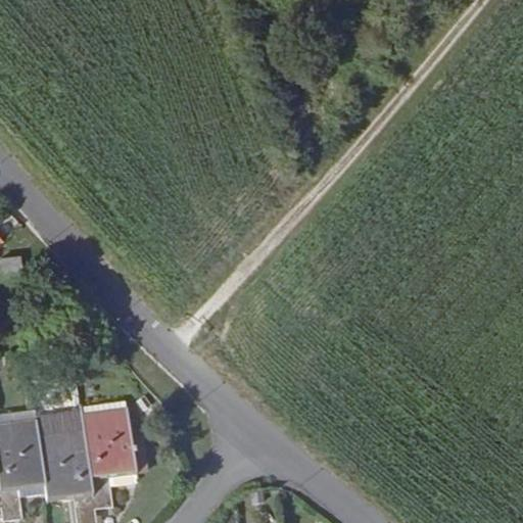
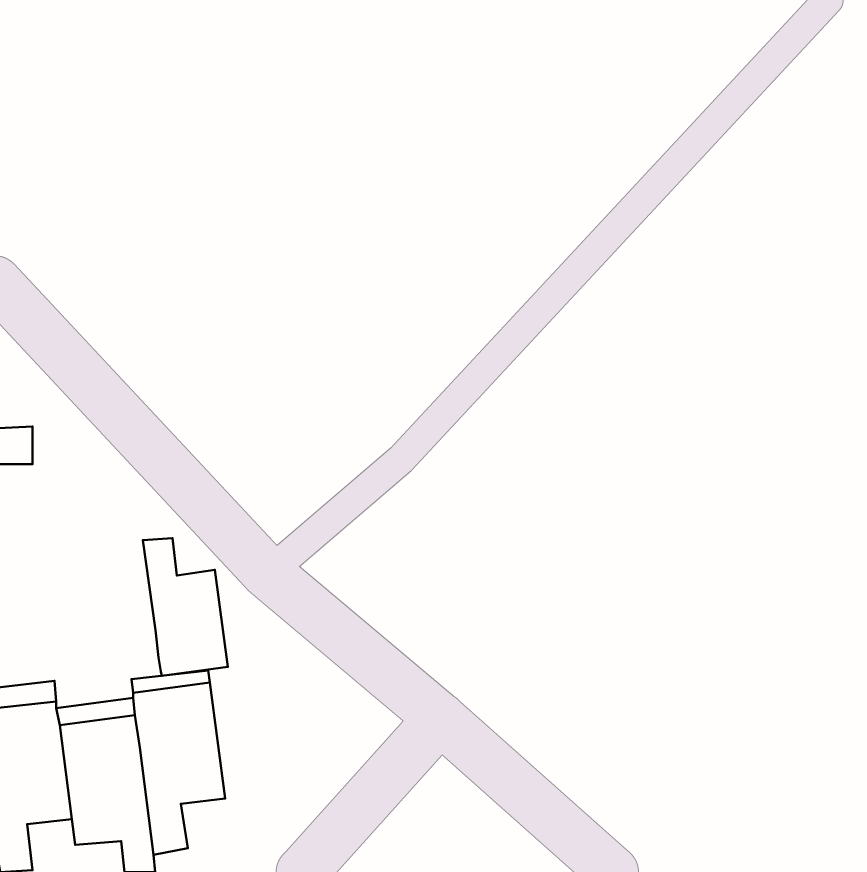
building: none -> [143,538,228,676]

